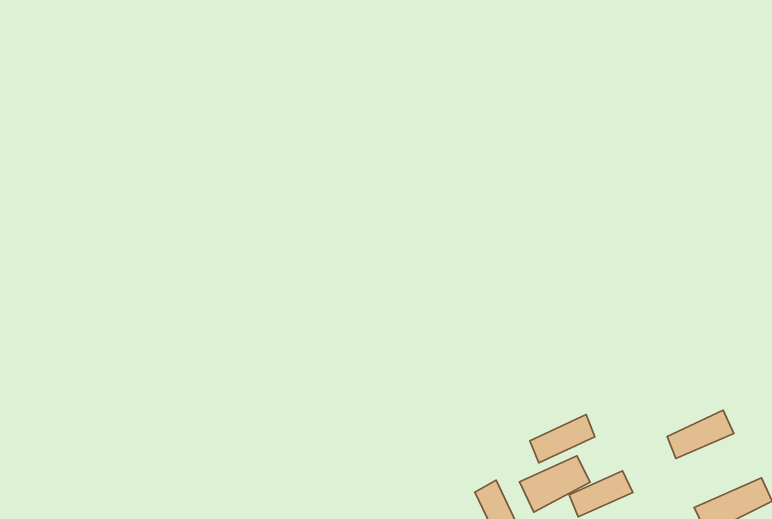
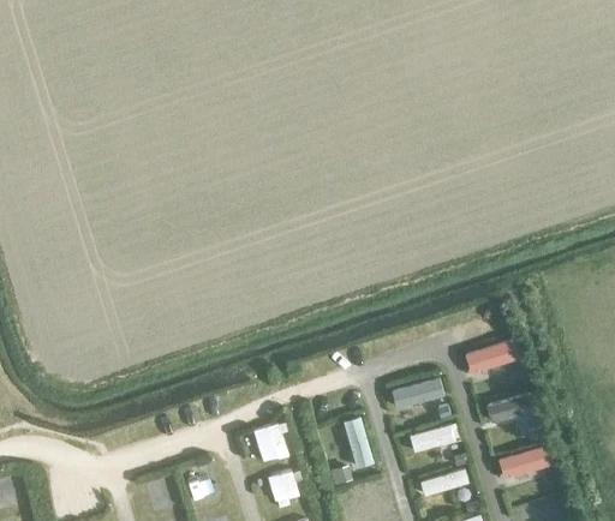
building: none -> [464,339,521,375]
building: [519,456,590,512] -> none

